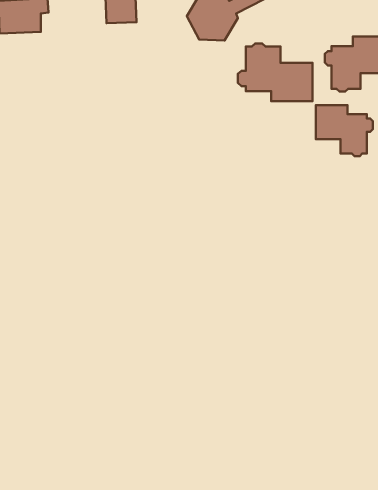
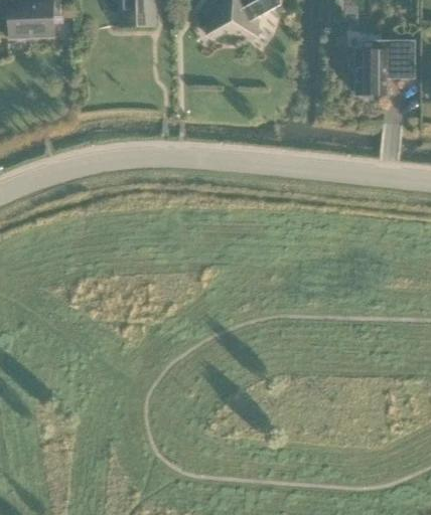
building: [238,43,313,101] -> none
building: [316,105,373,156] -> none

